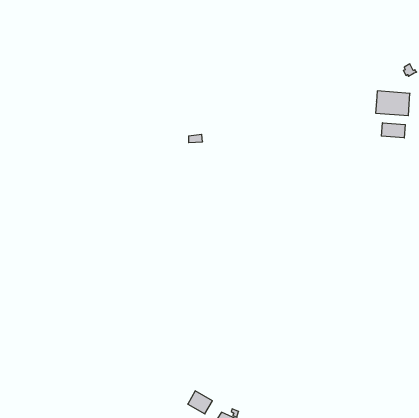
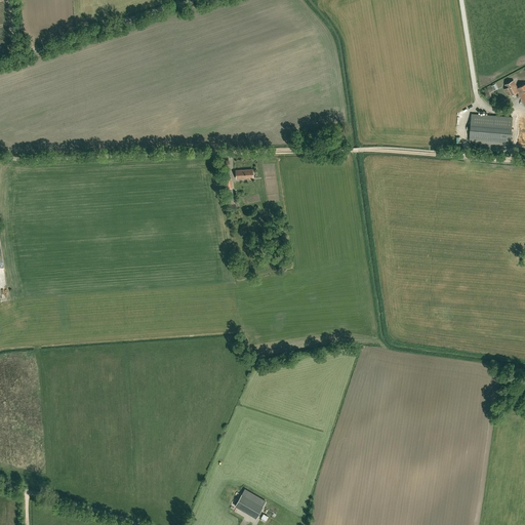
building: [381,123,405,138] -> none

